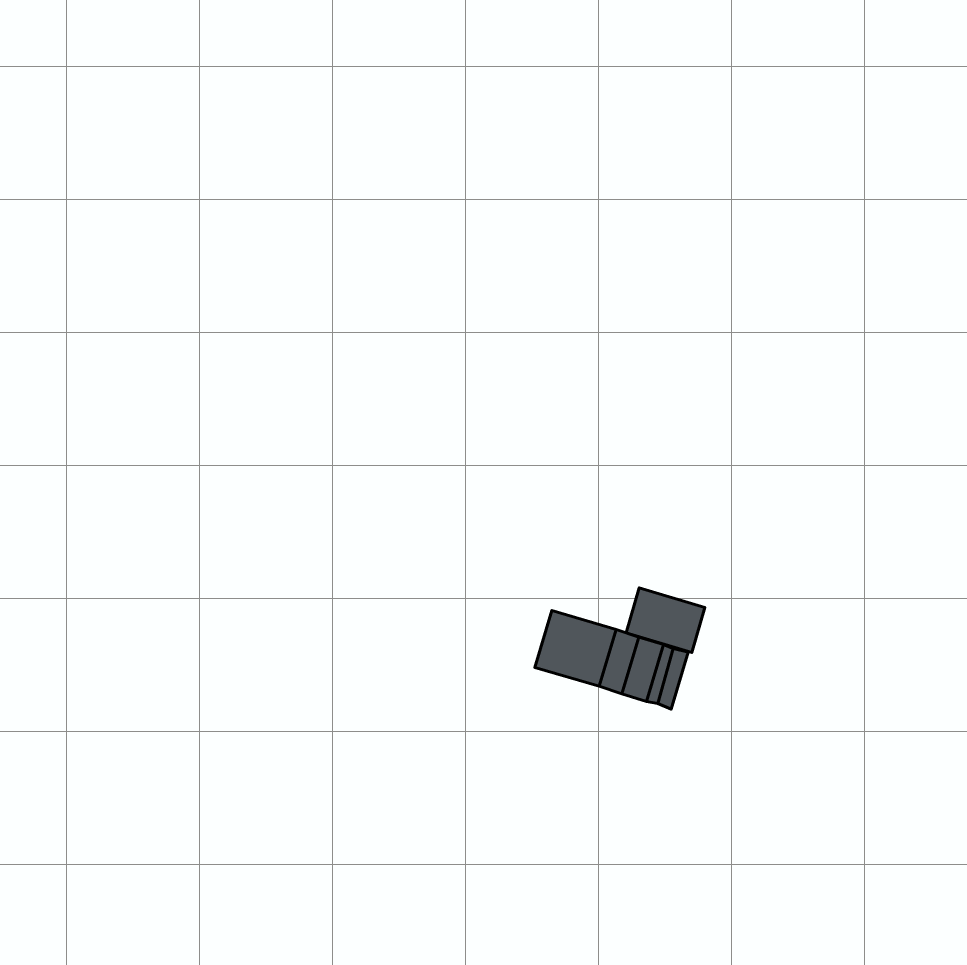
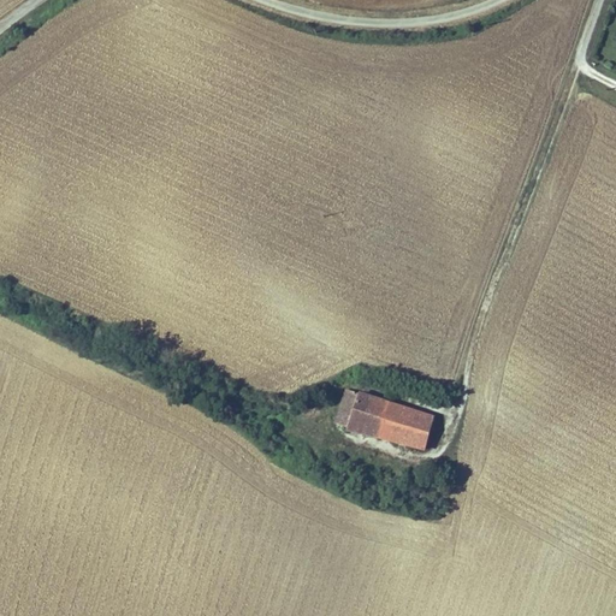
building: [626,588,705,652] -> none

